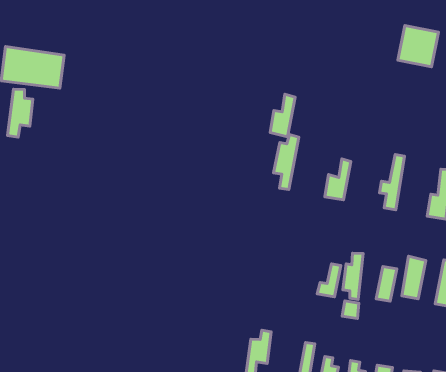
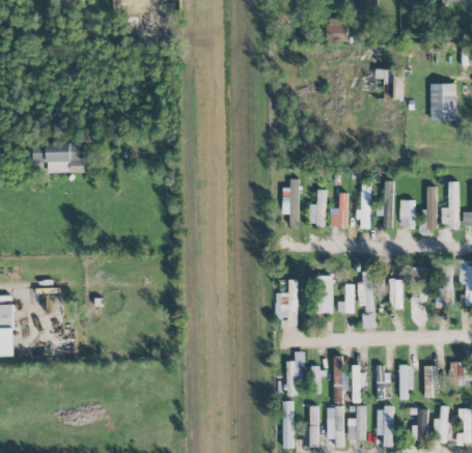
building: [8,89,33,137] -> none
building: [270,94,295,137] -> [309,189,326,225]
building: none -> [356,188,371,228]
building: none -> [399,200,414,227]
building: none -> [275,279,298,320]
building: none -> [314,275,333,314]

